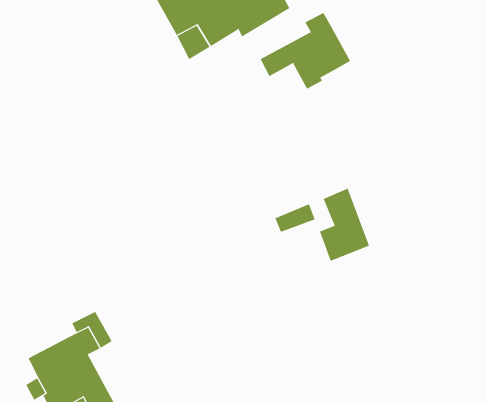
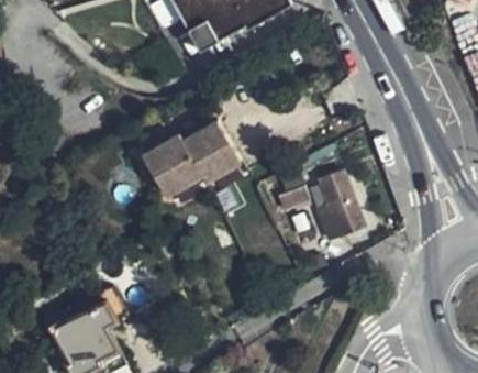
building: [260,12,351,90] -> none
building: none -> [142,119,241,195]

